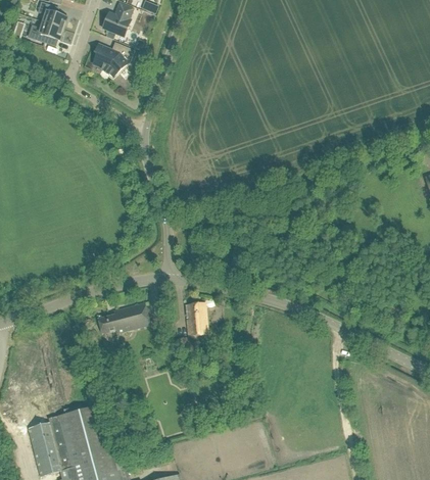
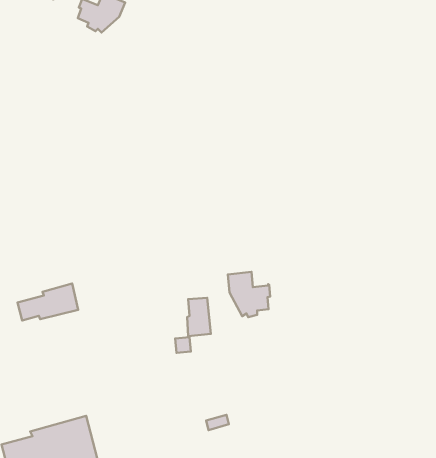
building: none -> [228,272,270,317]
building: [96,302,148,334] -> [18,284,78,320]

